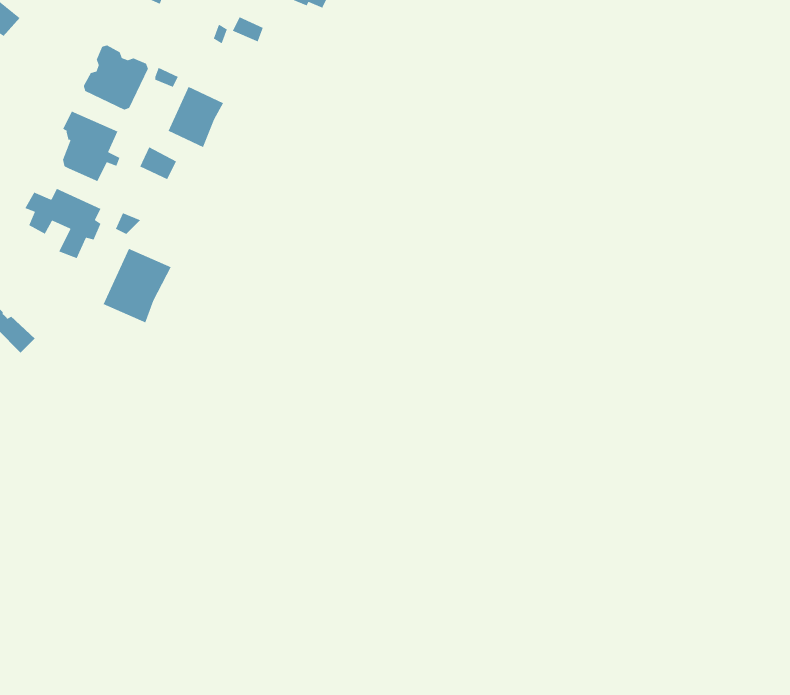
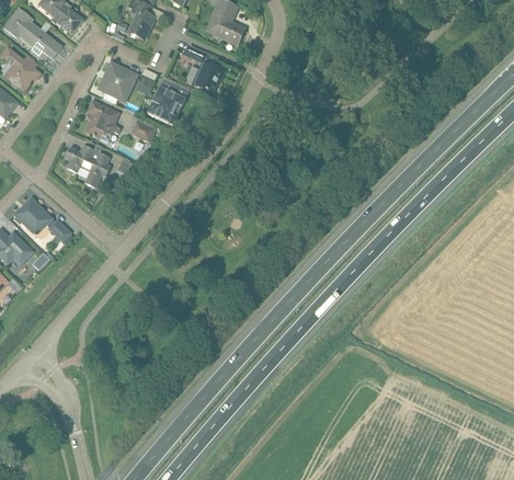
building: none -> [193,61,225,92]
building: [102,248,172,324] -> none

